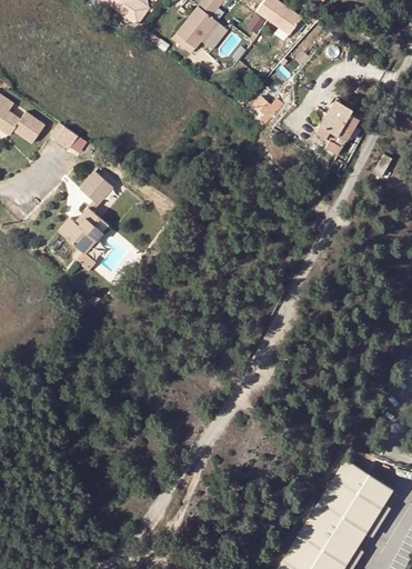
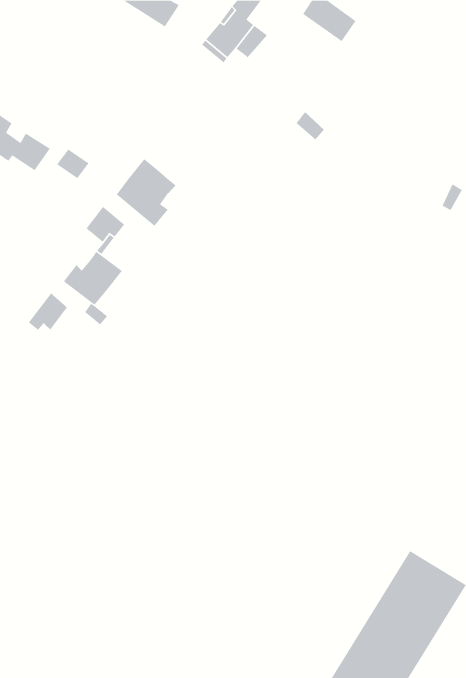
building: [318,97,359,152] -> none
building: none -> [116,158,176,227]
building: none -> [28,292,68,331]

